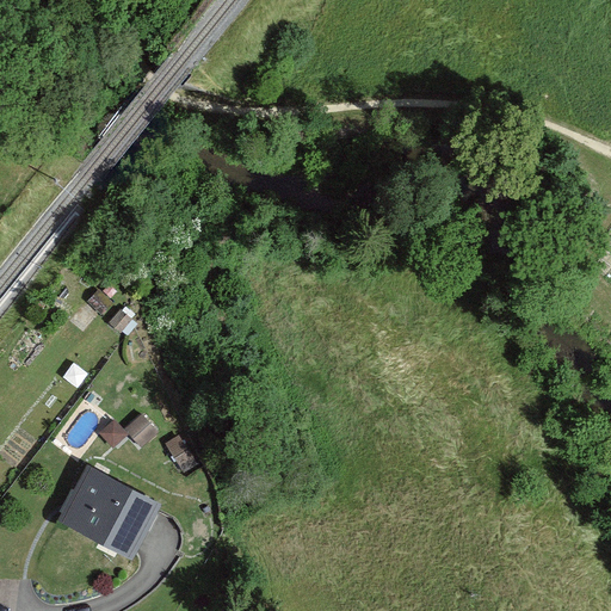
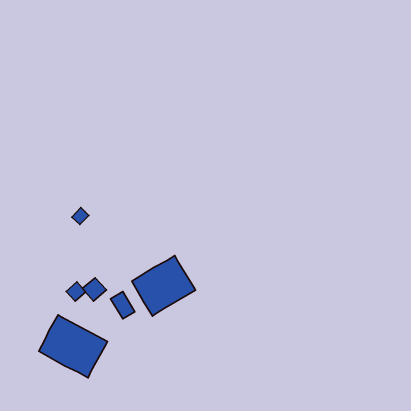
building: none -> [132,255,195,316]

